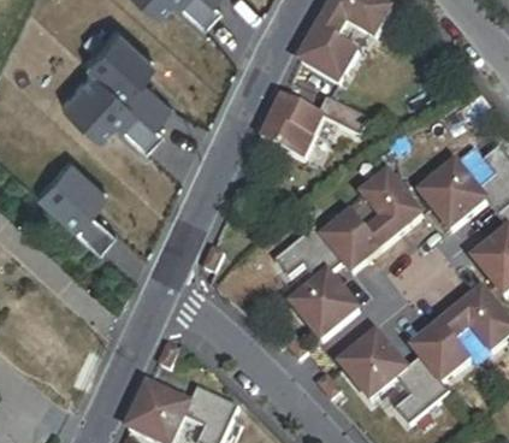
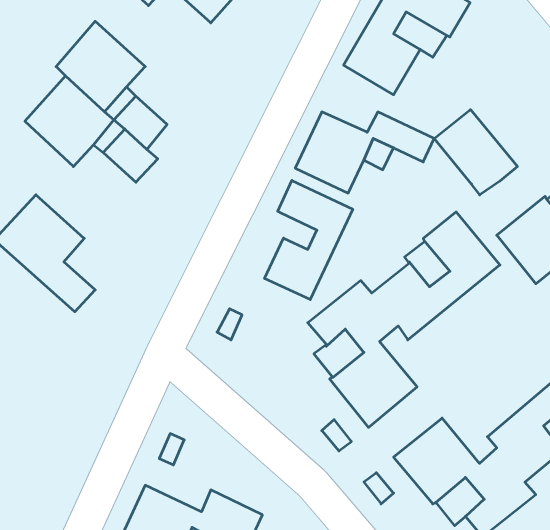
building: none -> [434,110,517,195]
building: none -> [265,180,353,300]

